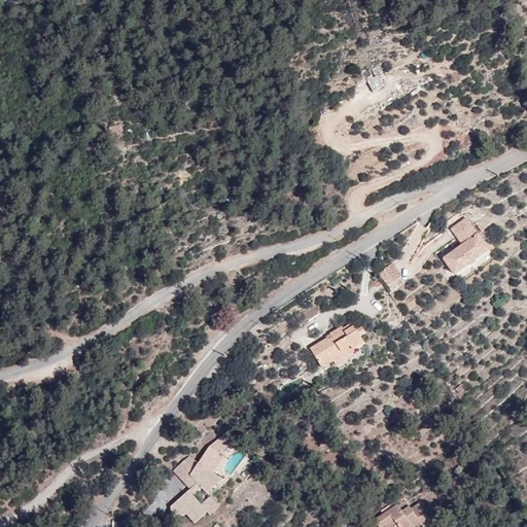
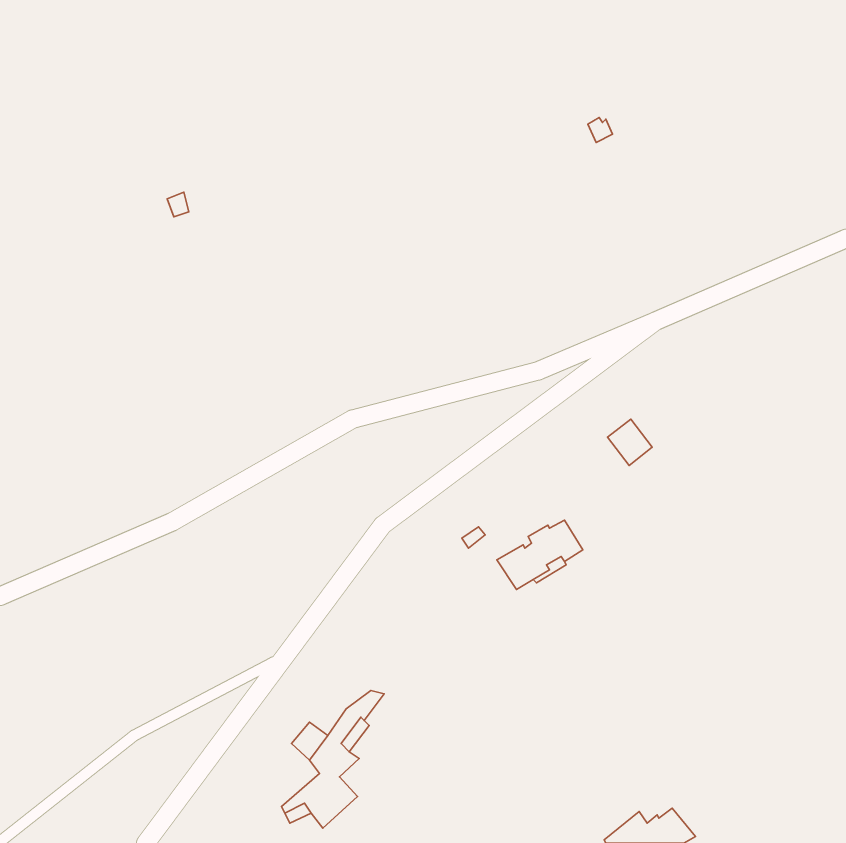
building: [443,218,487,275] -> none

